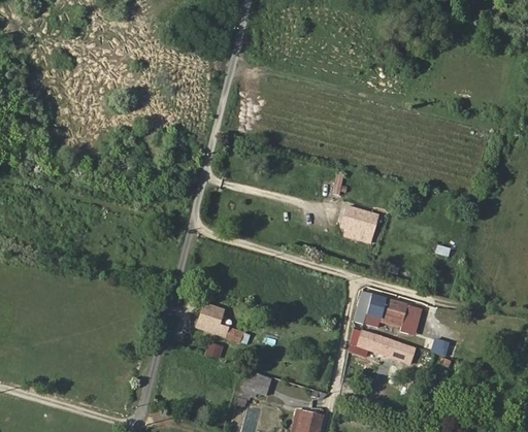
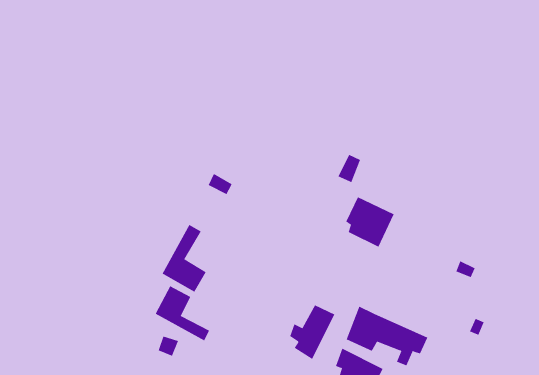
building: none -> [162,224,207,293]
building: none -> [289,305,335,360]

